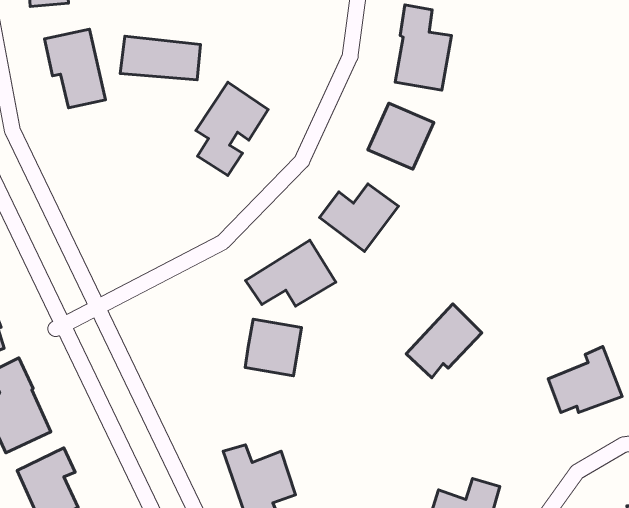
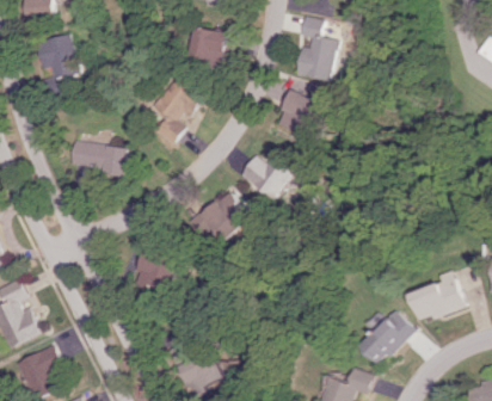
building: none -> [185,26,226,66]
building: [120,36,201,80] -> [67,141,127,173]
building: [406,304,482,378] -> [358,309,414,364]
building: [245,319,301,376] -> [135,251,177,292]

